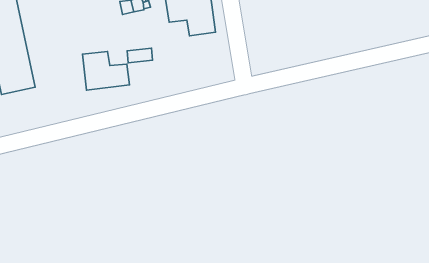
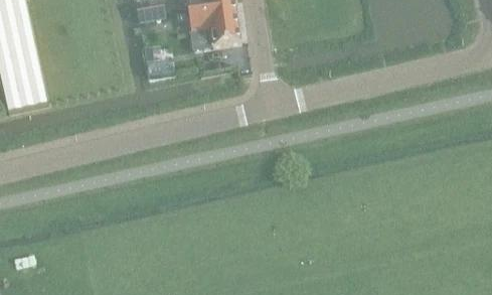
building: [82,52,129,90] -> none

